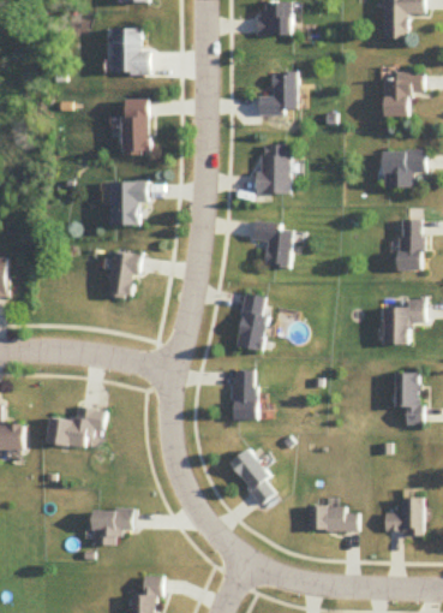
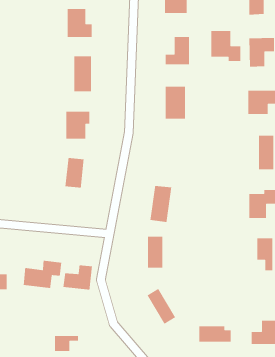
building: none -> [210,30,241,62]
building: [252,220,293,268] -> none
building: none -> [62,265,93,291]

